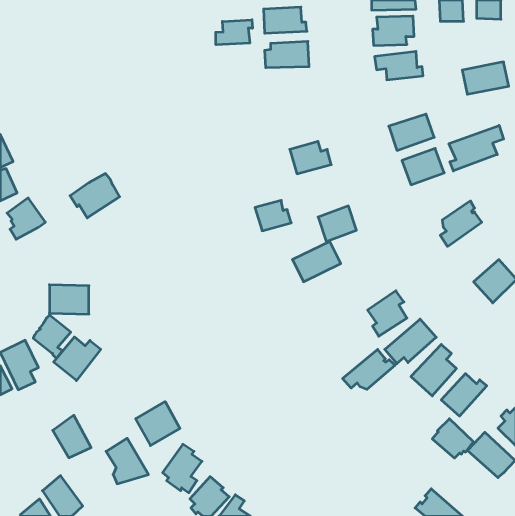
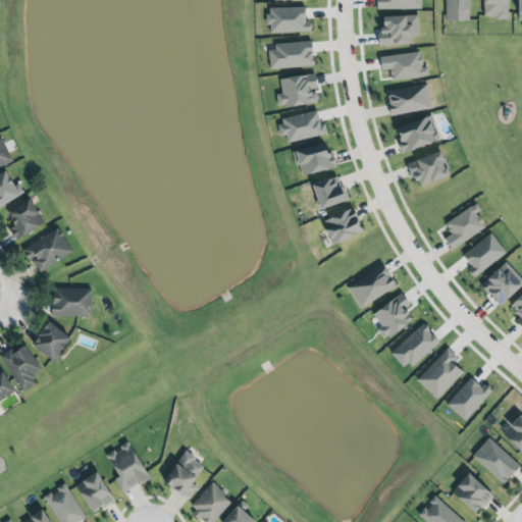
building: [216,20,252,45] -> none
building: [462,62,509,94] -> [385,84,432,116]
building: none -> [276,73,318,107]
building: none -> [282,111,326,142]
building: [449,125,504,171] -> none
building: [70,174,120,218] -> [23,227,73,272]
building: [255,200,291,231] -> [311,176,348,207]
building: none -> [462,232,506,278]
building: [292,241,341,282] -> [347,266,396,307]
building: [54,337,101,381] -> none
building: [343,349,395,389] -> none
building: [136,402,180,446] -> none
building: [53,415,91,458] -> [77,469,116,512]
building: [432,419,474,458] -> [453,470,494,510]

